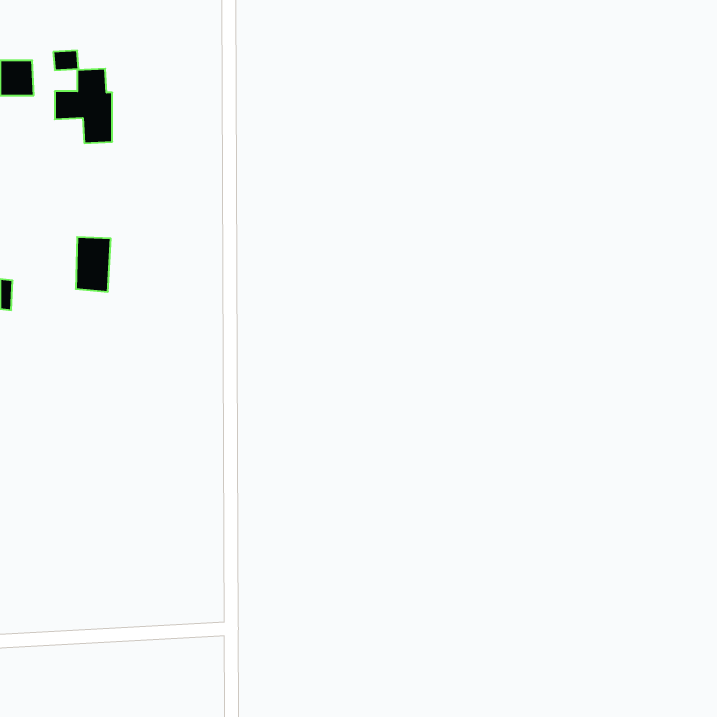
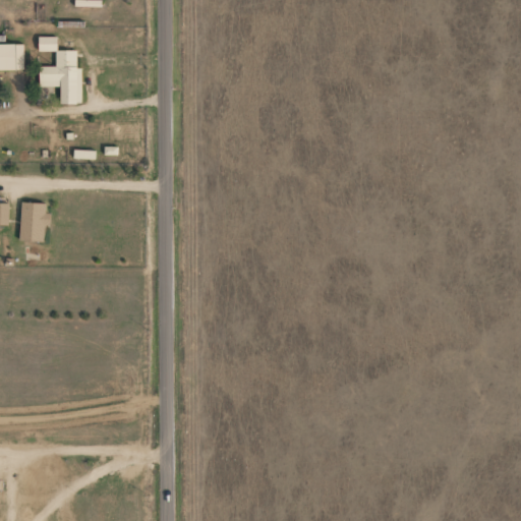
building: [76,237,111,292] -> [20,202,46,242]

